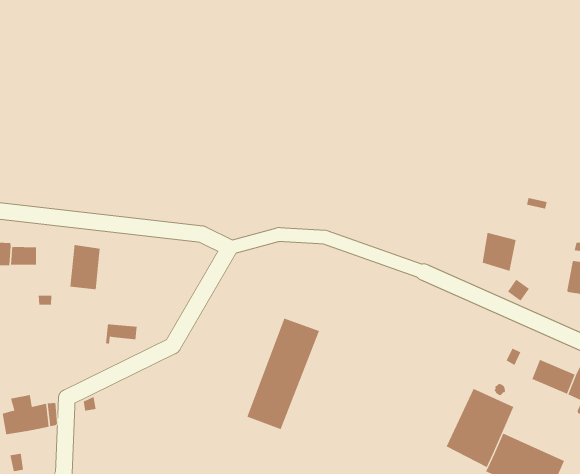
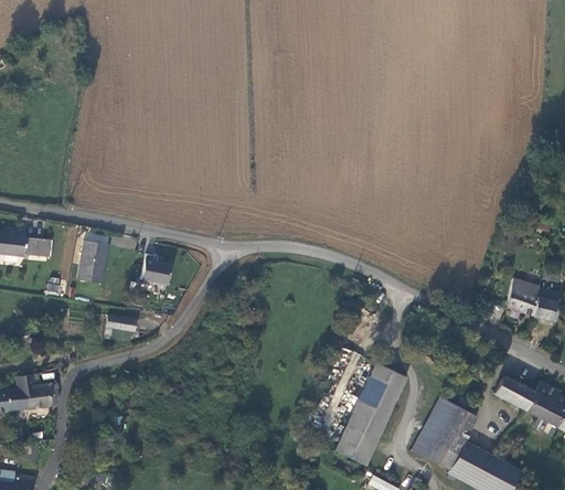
building: [482,232,516,271] -> [507,278,540,316]
building: none -> [141,253,171,284]
building: [247,318,320,430] -> [334,362,407,465]

